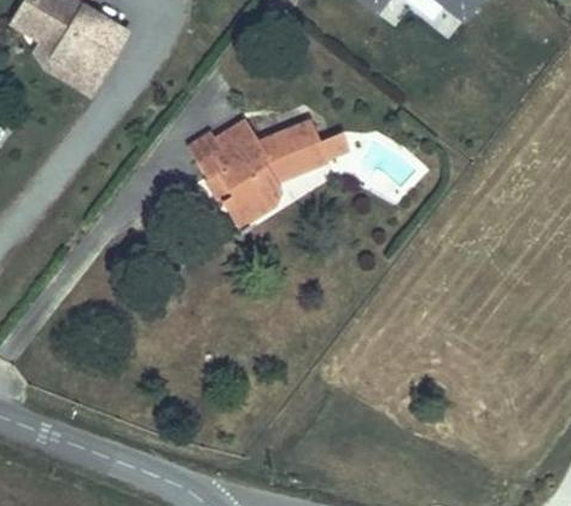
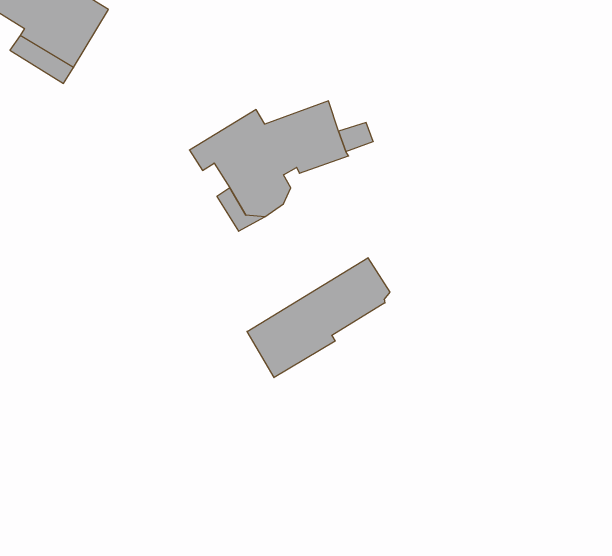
building: none -> [247,258,390,378]

